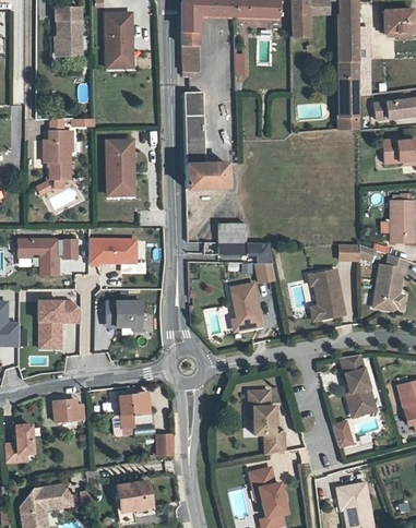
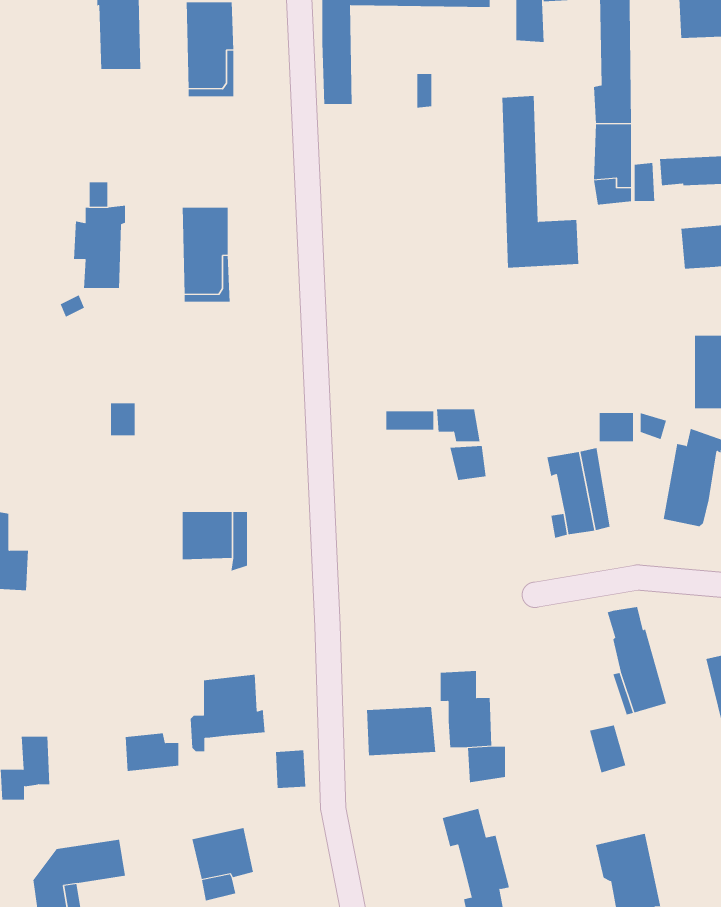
building: [185,93,228,190] -> [502,96,579,268]
building: [218,224,240,244] -> none
building: [19,239,59,275] -> none
building: [88,239,135,264] -> none
building: [231,285,262,331] -> none
building: [39,301,81,349] -> none
building: [50,400,81,422] -> [125,733,179,772]
building: none -> [367,706,436,756]

